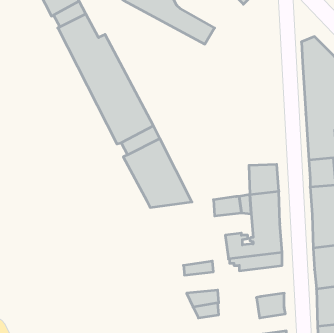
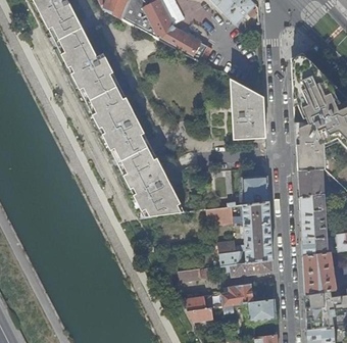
building: none -> [230,78,265,138]
building: none -> [215,284,252,307]

